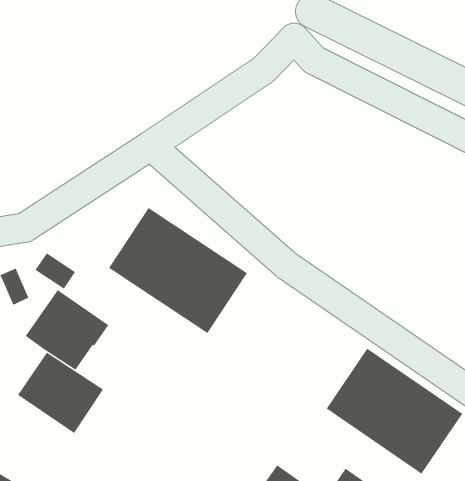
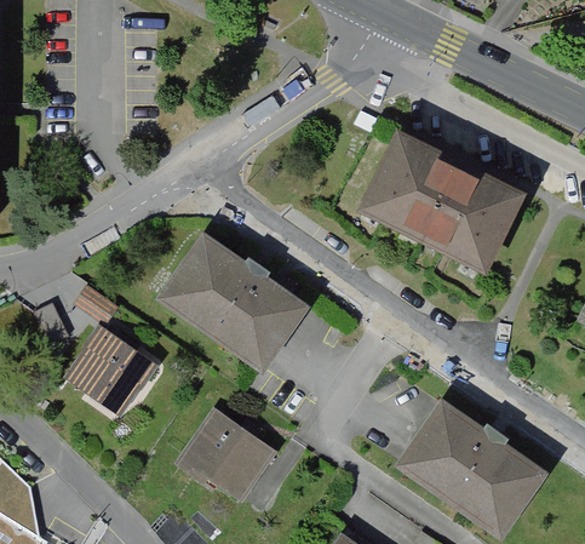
building: none -> [360,130,529,275]
building: [17,352,104,434] -> [179,406,276,498]

